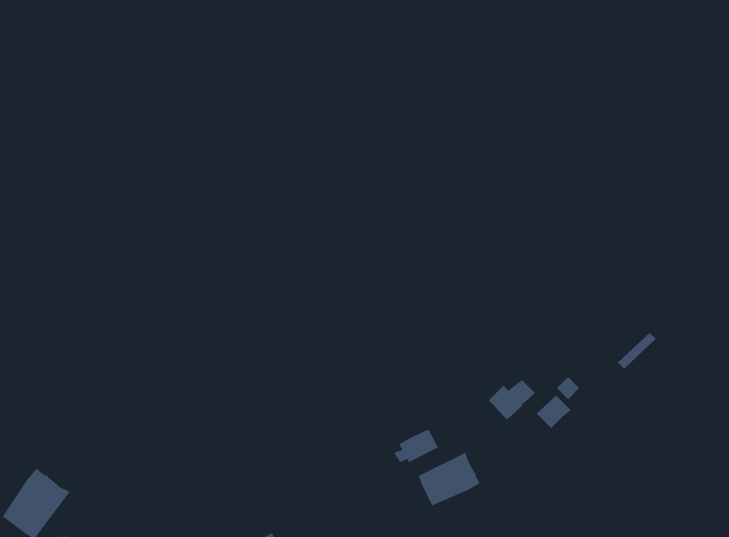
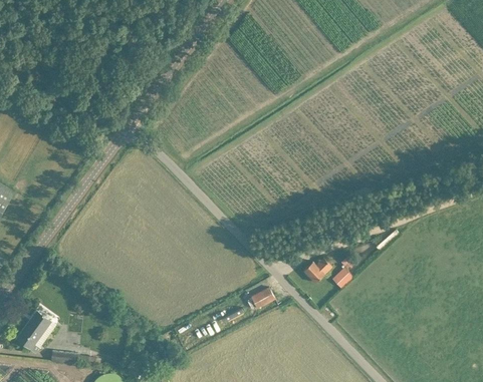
building: [418,452,480,507] -> none

